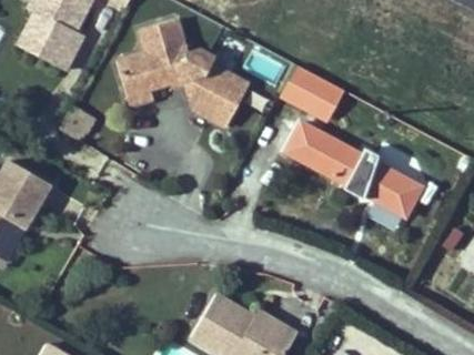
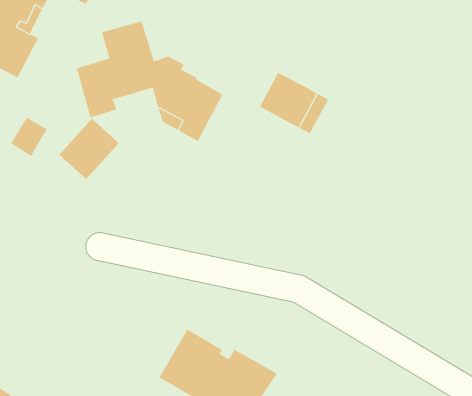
building: none -> [59,118,119,180]
building: [286,123,422,217] -> none

